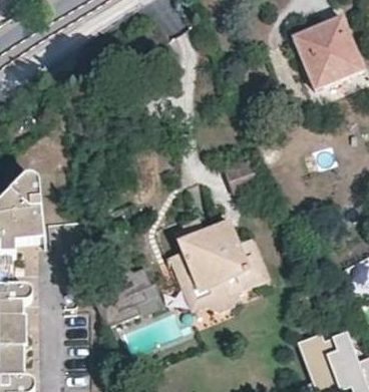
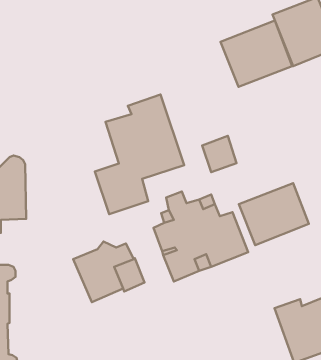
building: none -> [221,20,292,87]
building: none -> [95,95,184,214]
building: none -> [239,183,309,245]

